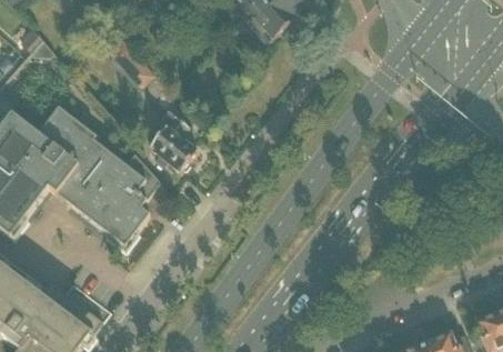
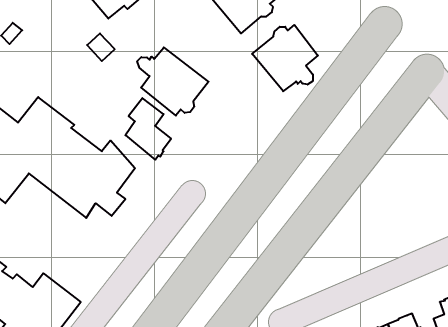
building: none -> [252,25,318,91]
building: none -> [137,47,209,116]

